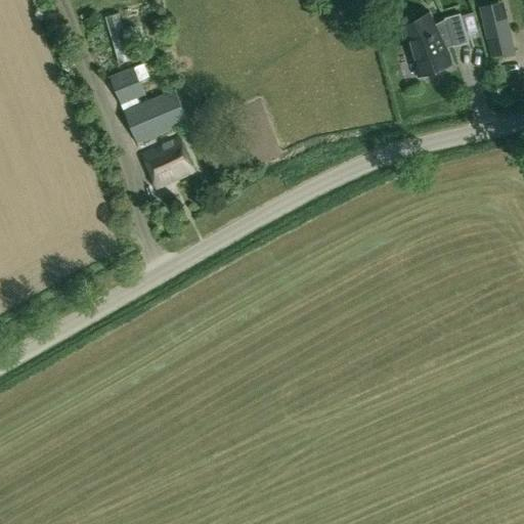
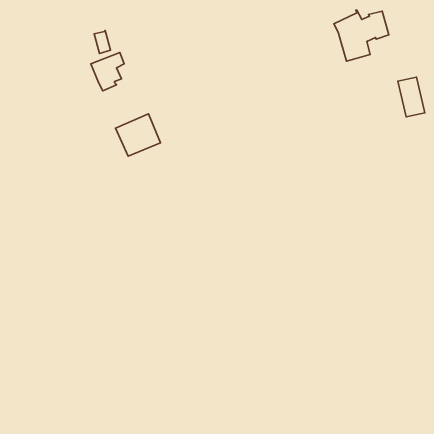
building: [481,10,514,58] -> [398,77,425,117]
building: [123,88,189,144] -> none

